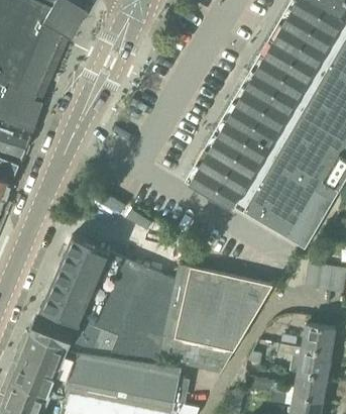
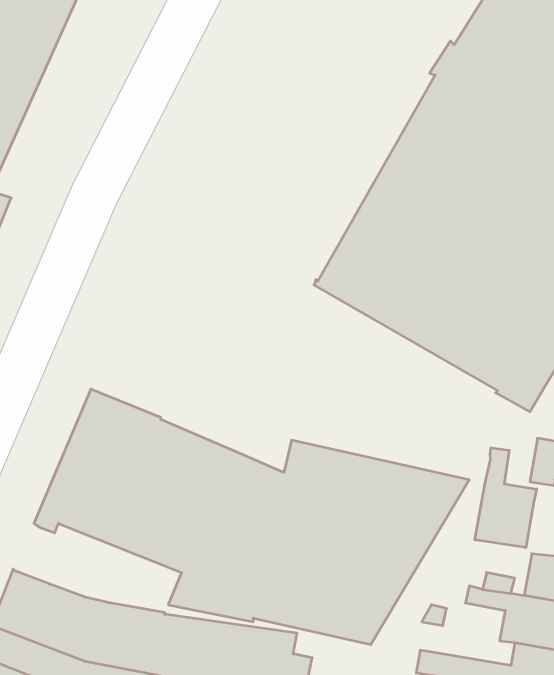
building: none -> [475,448,537,548]
building: [30,309,121,356] -> none

